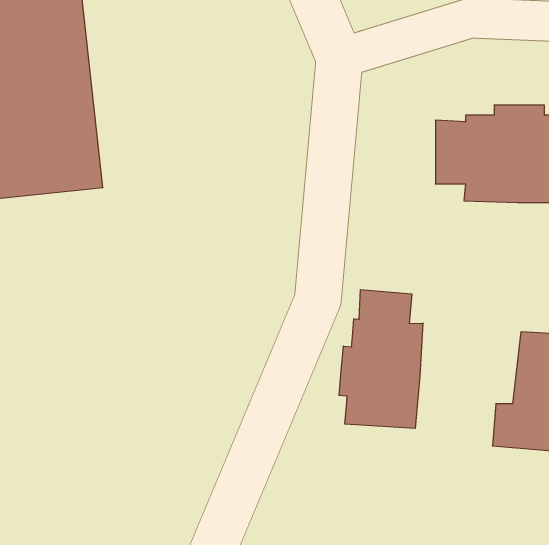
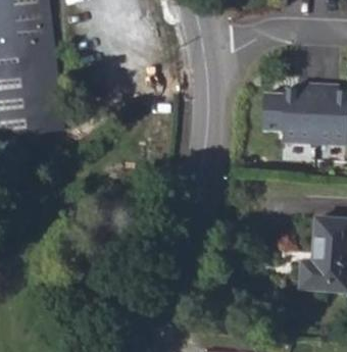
building: [339,290,423,428] -> none

